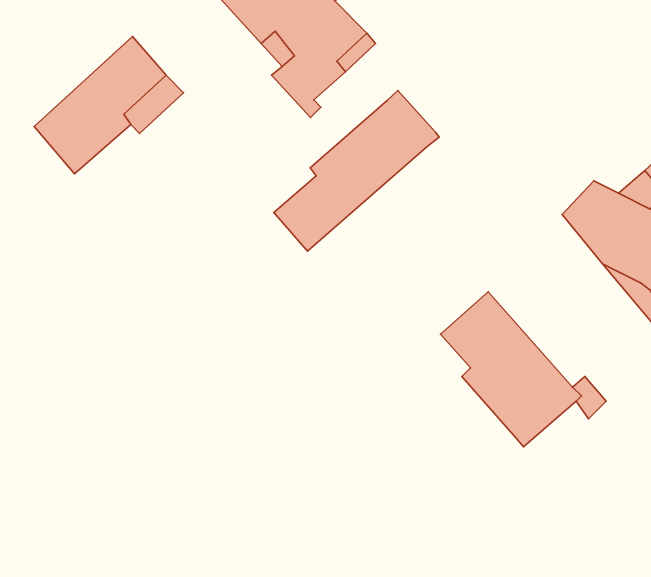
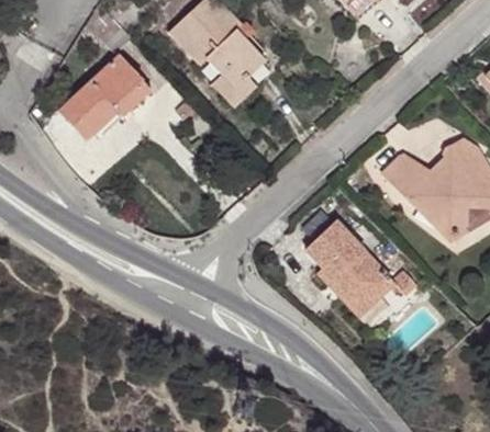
building: [274,91,439,251] -> none

